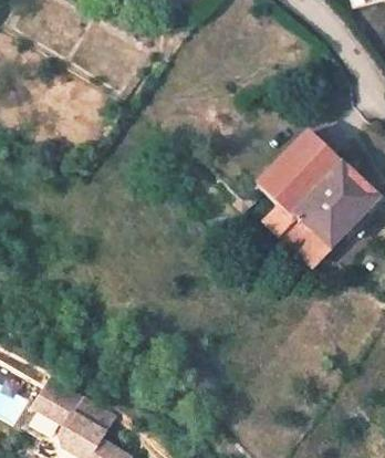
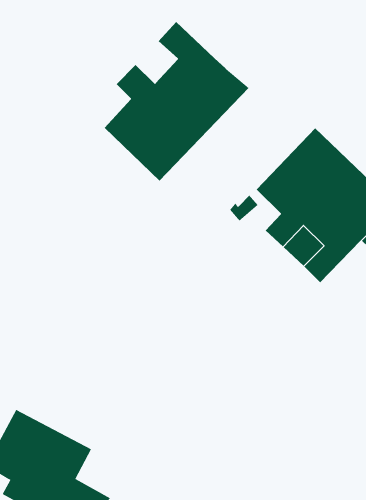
building: none -> [104,21,249,181]

